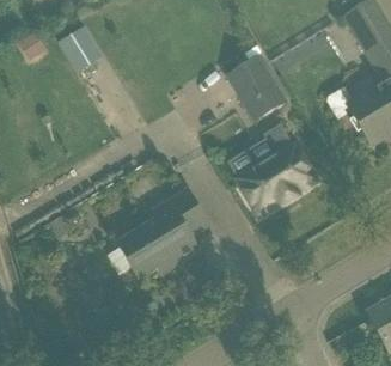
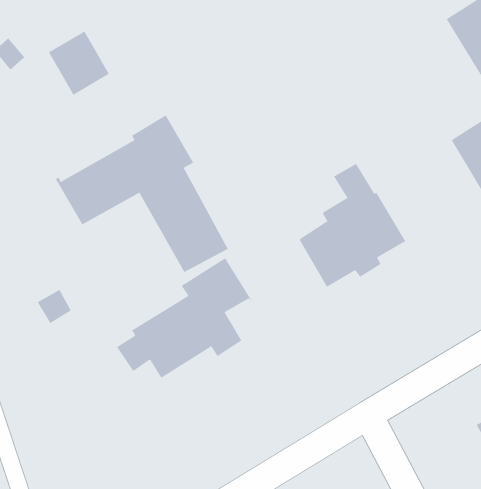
building: [228,55,287,120] -> none
building: none -> [55,115,229,273]

